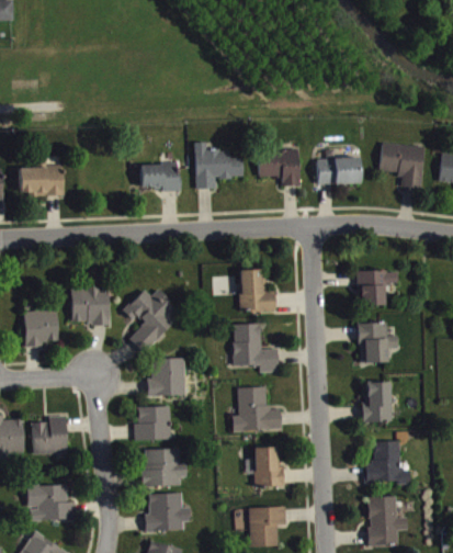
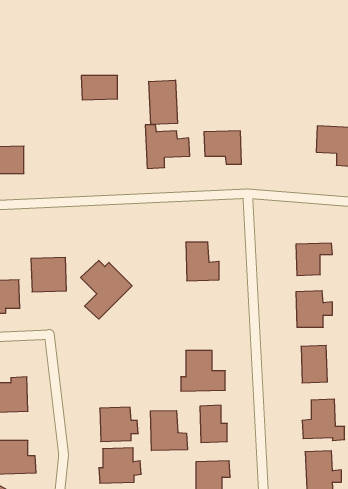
building: none -> [149,80,177,125]
building: [317,157,359,184] -> none
building: [139,163,179,190] -> [81,76,118,100]
building: [231,324,278,373] -> none
building: [146,358,185,396] -> none
building: [134,406,171,440] -> none
building: none -> [151,411,187,451]

